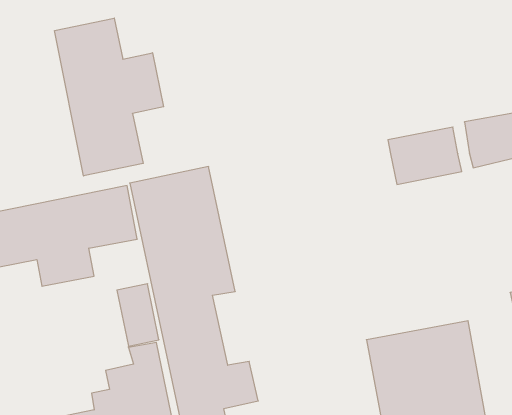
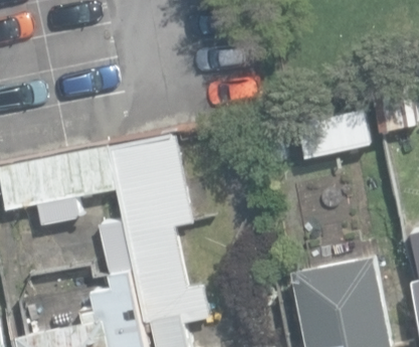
building: [55,18,164,176] -> none

